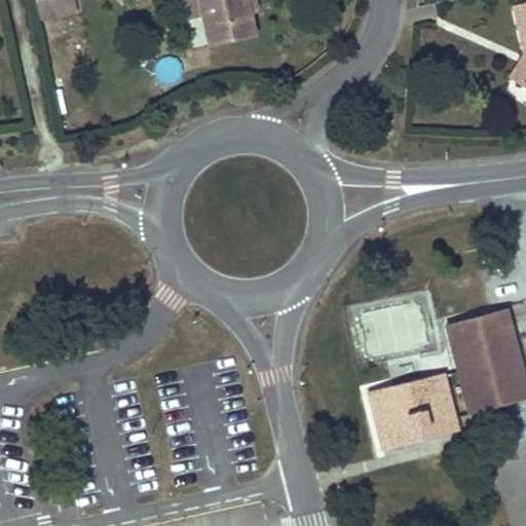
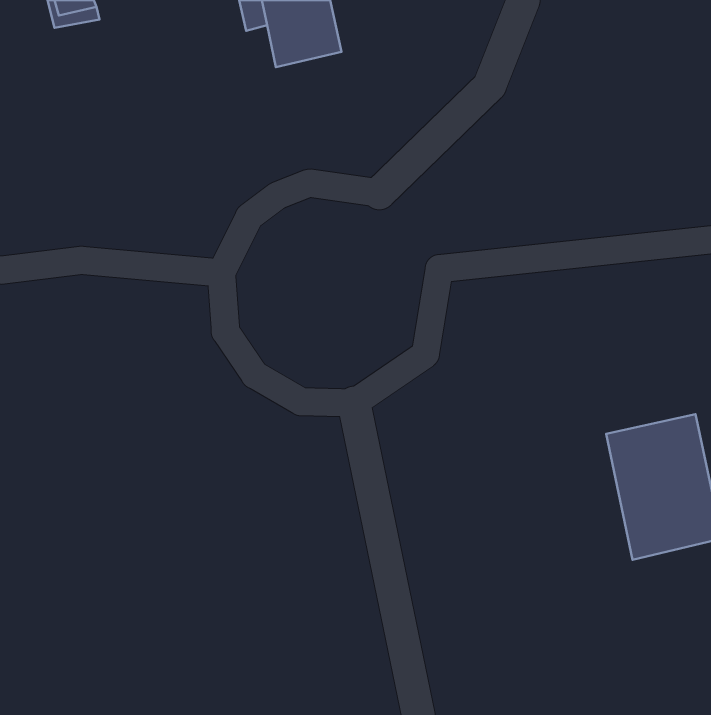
building: [372,372,461,450] -> none

